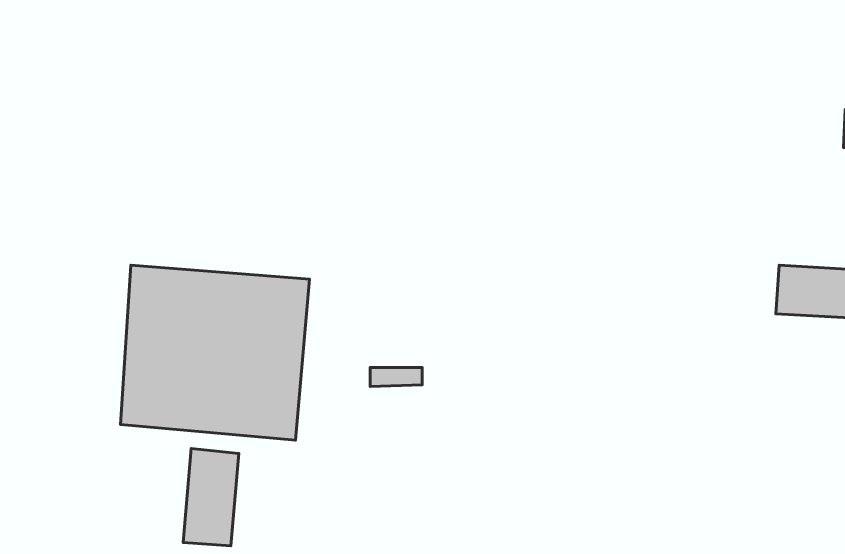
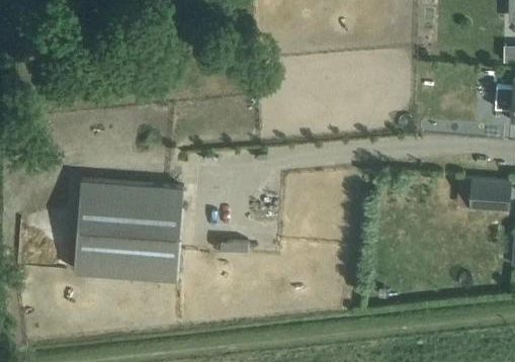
building: [183,448,239,546] -> none

